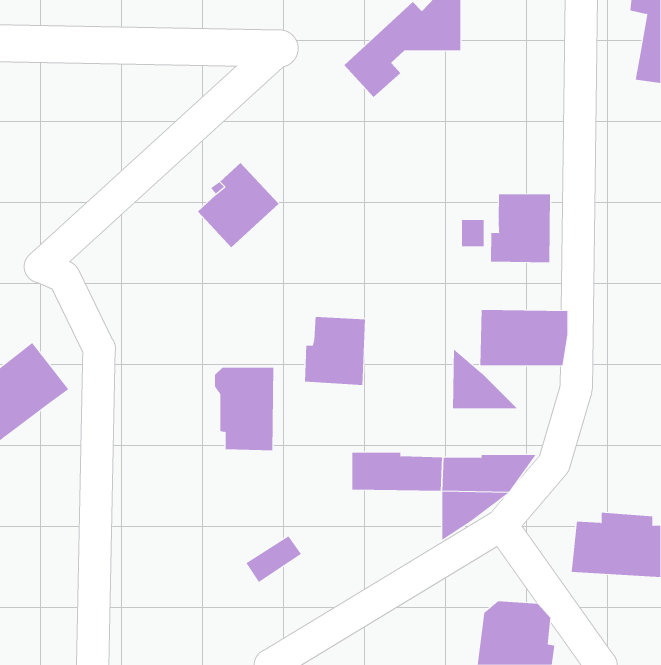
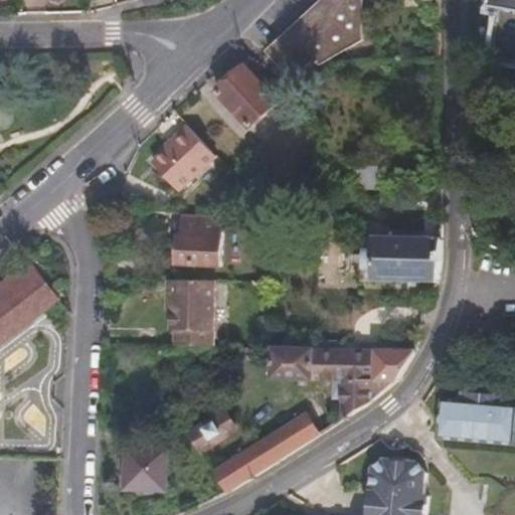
building: none -> [213,66,282,128]
building: [490,193,550,263] -> none
building: [304,316,366,386] -> [175,214,222,268]
building: [453,348,519,409] -> none
building: none -> [212,413,314,490]
building: none -> [121,450,163,492]

